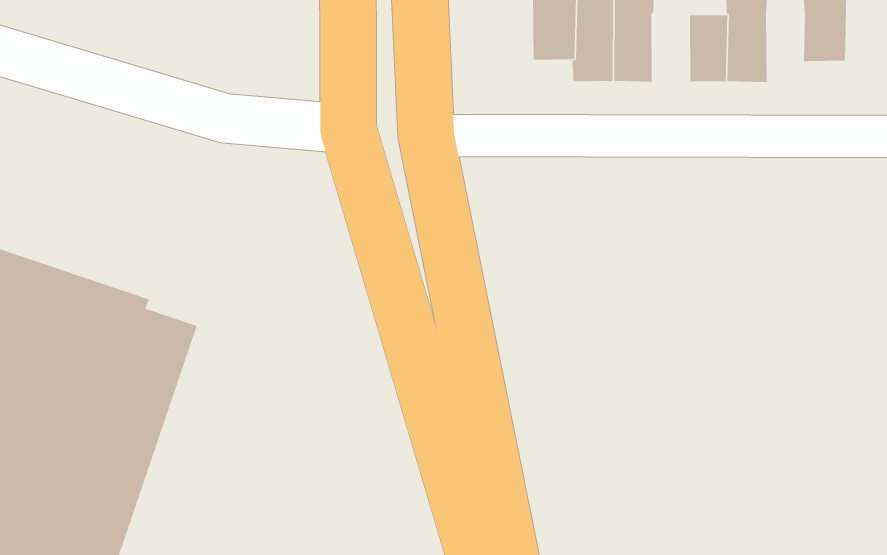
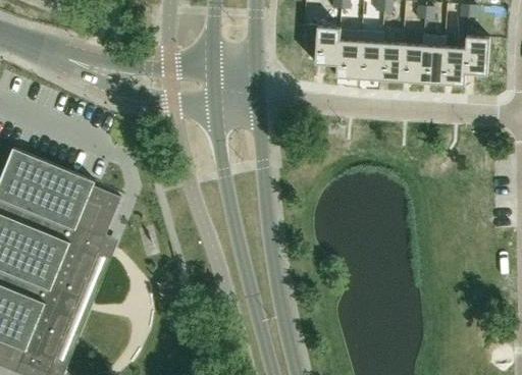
building: none -> [380,42,403,81]
building: none -> [443,46,466,85]

